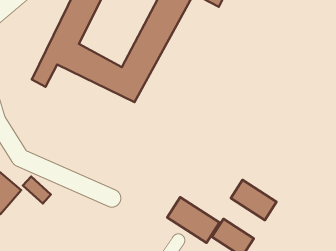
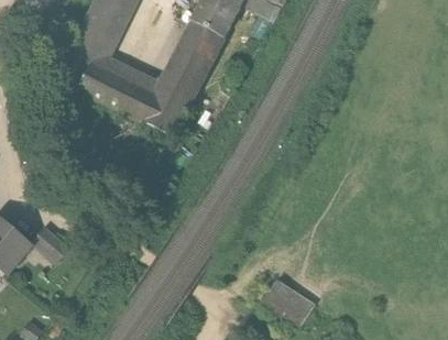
building: [231,180,277,220] -> none
building: [167,197,220,243] -> none

